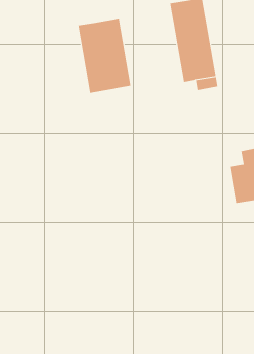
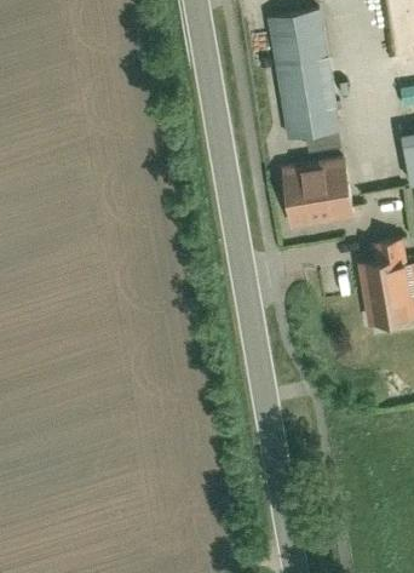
building: [78,18,131,93] -> none
building: none -> [281,164,349,229]

